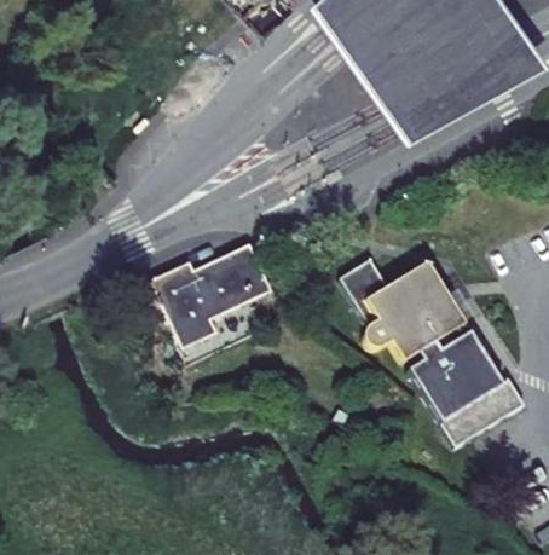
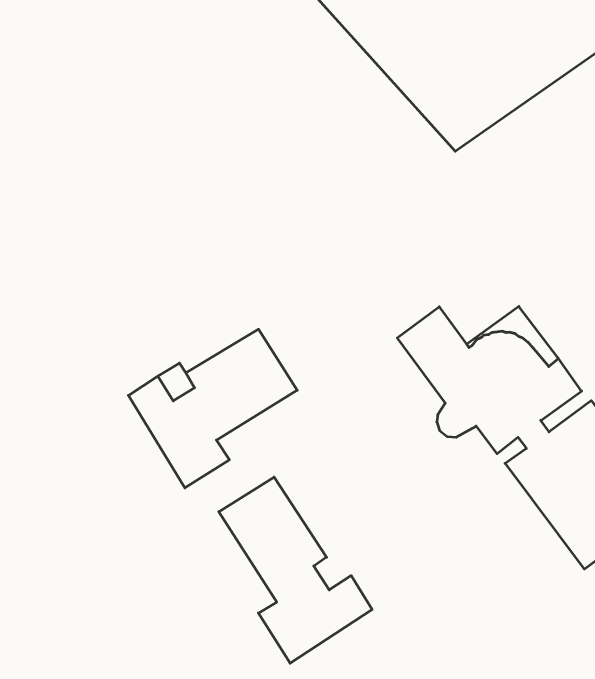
building: none -> [219,477,372,663]

